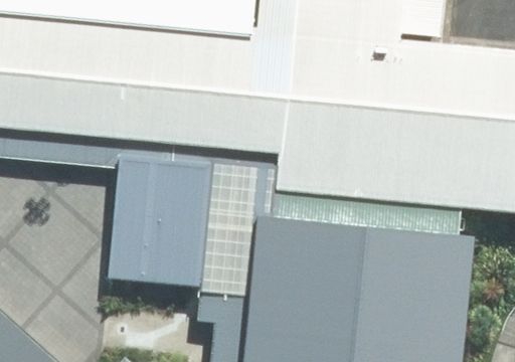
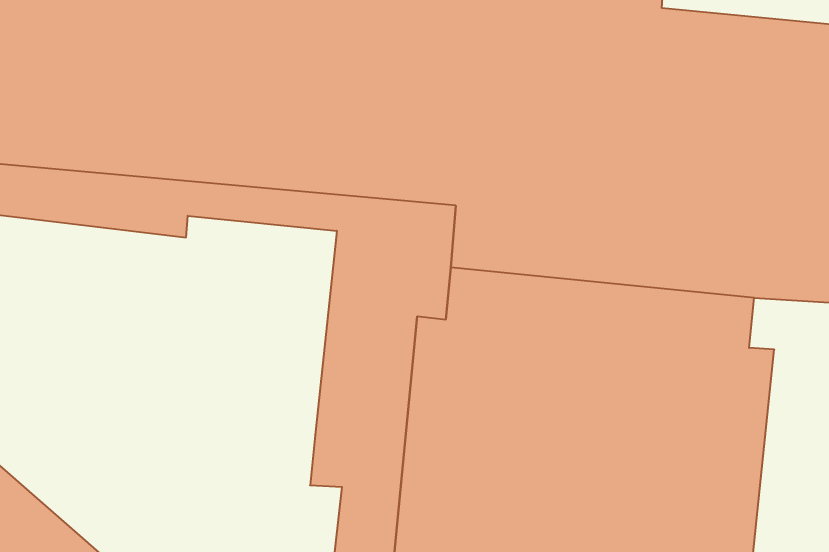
building: [108,155,210,287] -> none

